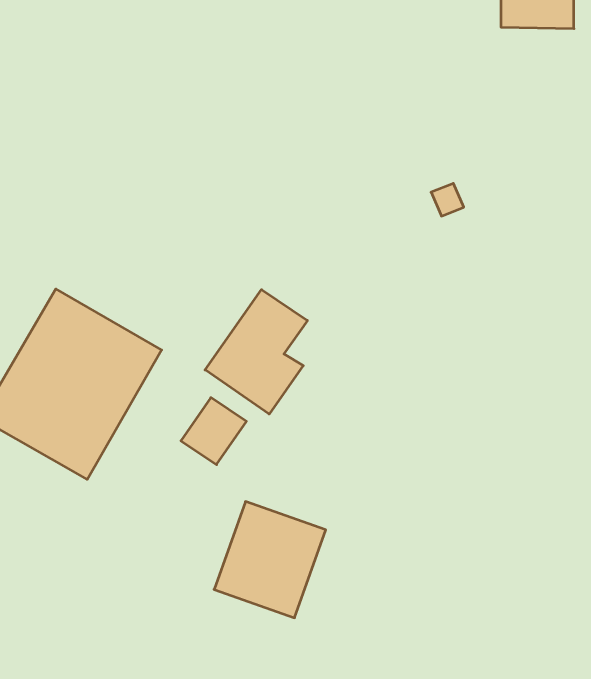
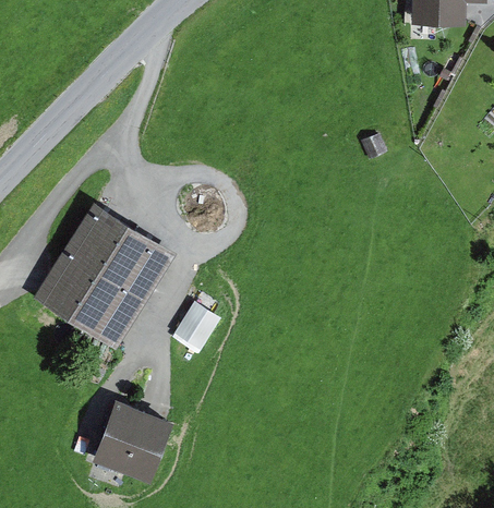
building: [205,290,307,414] -> none
building: [214,502,326,618] -> [93,398,174,483]

